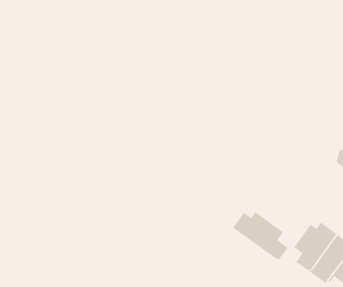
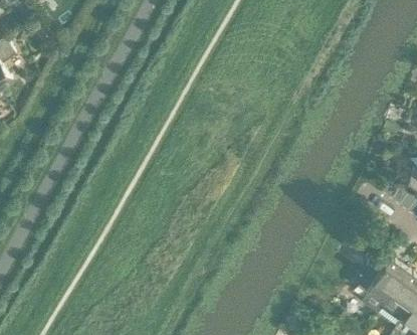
building: [233,211,289,260] -> none

